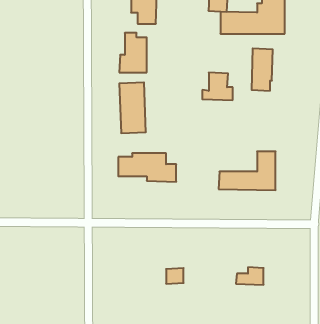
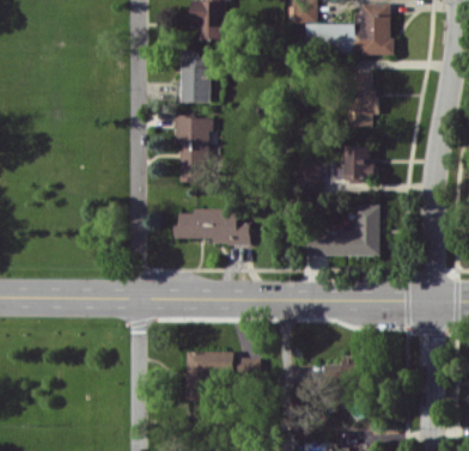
building: [202,73,233,100] -> [336,145,376,181]
building: none -> [185,352,233,401]

